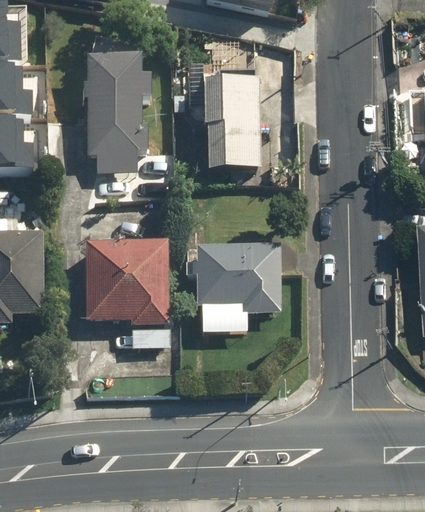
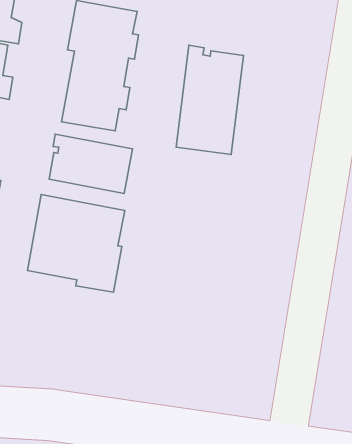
building: none -> [49,134,132,193]
building: [185,245,279,311] -> none

